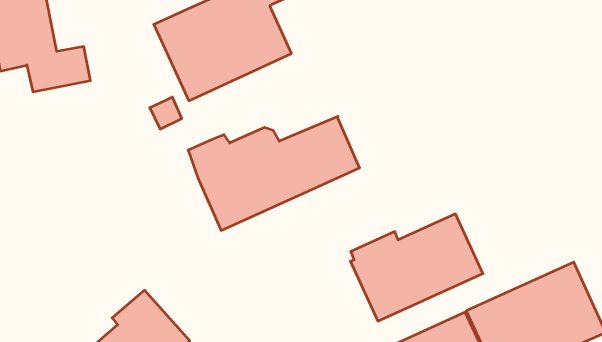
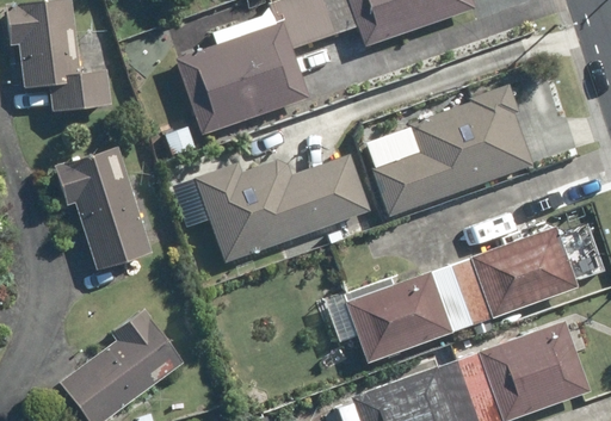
building: none -> [374,86,521,209]
building: none -> [55,149,154,272]
building: none -> [451,225,578,323]

